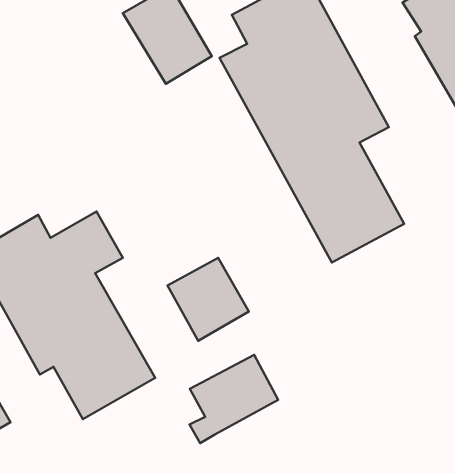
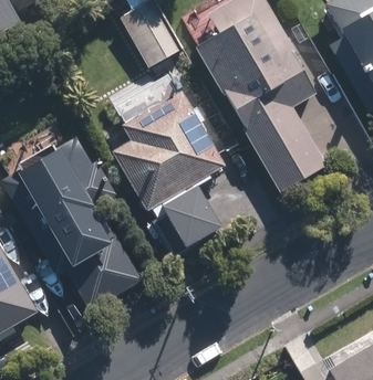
building: none -> [107,91,221,211]
building: [189,355,278,443] -> none

